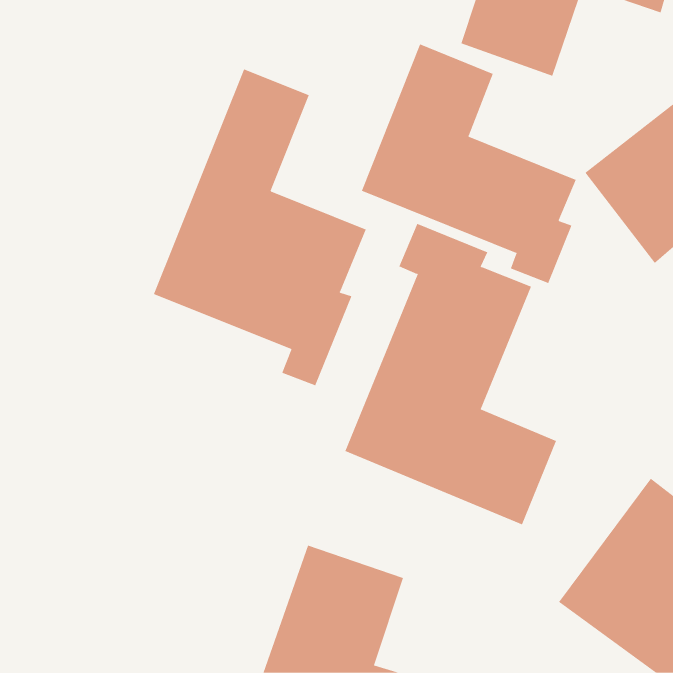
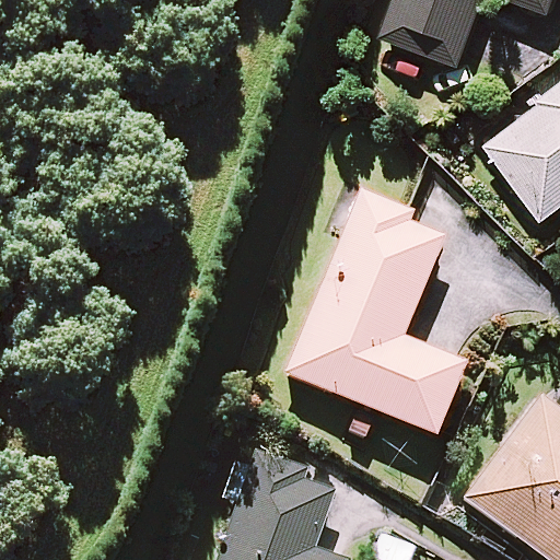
building: [361,44,576,284] -> none
building: [153,68,366,386] -> none

